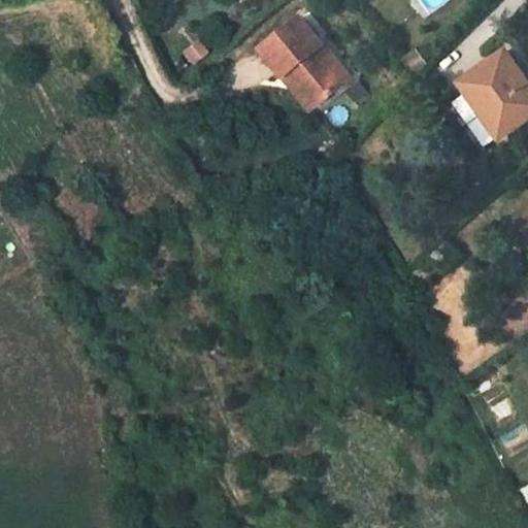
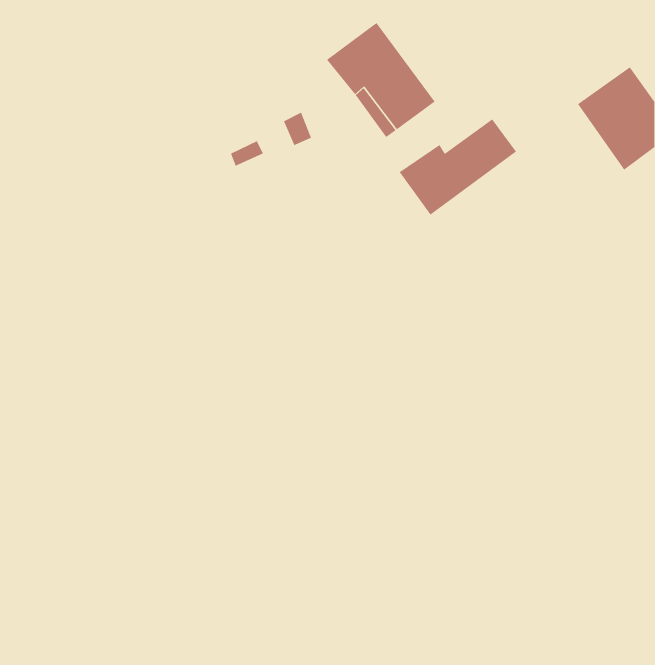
building: none -> [399,119,517,215]

